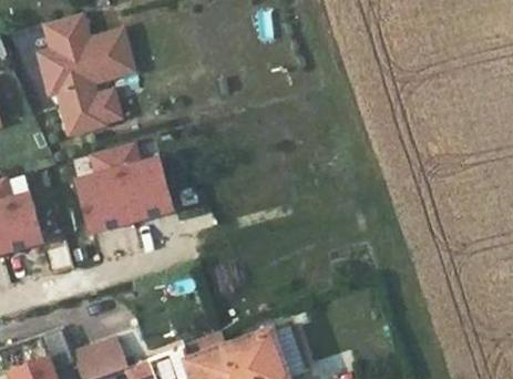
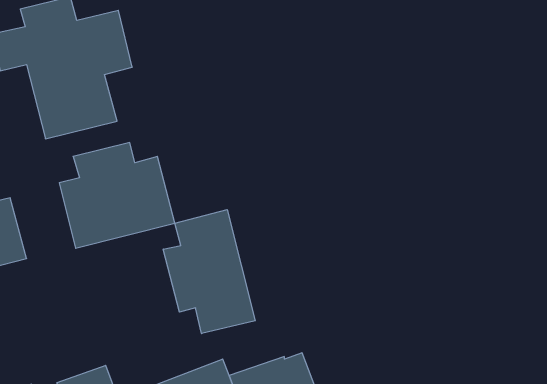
building: none -> [163,210,255,334]

